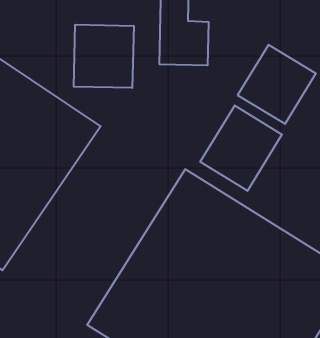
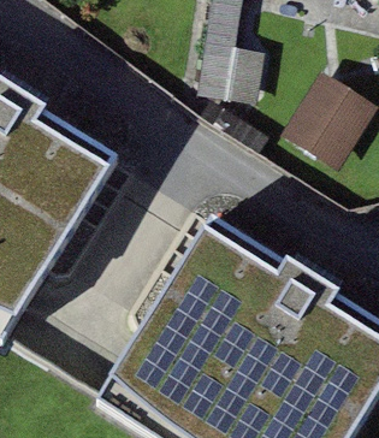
building: [74,25,134,88] -> none
building: [200,105,282,191] -> none

